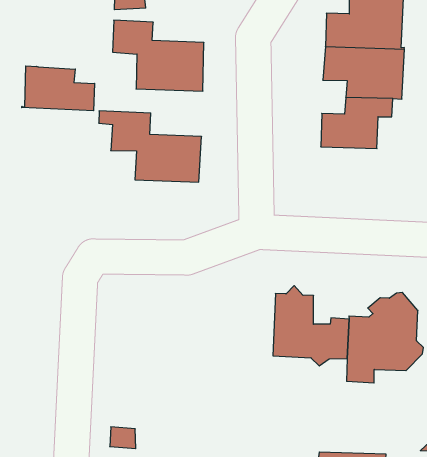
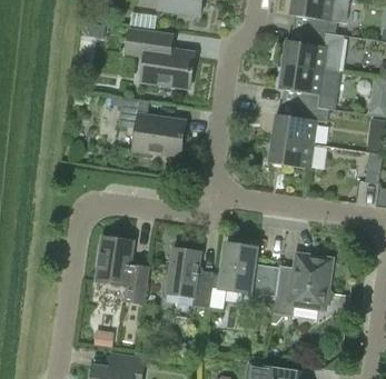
building: [22,66,95,111] -> none
building: none -> [268,139,313,169]
building: none -> [95,235,149,303]
building: none -> [166,247,212,308]

